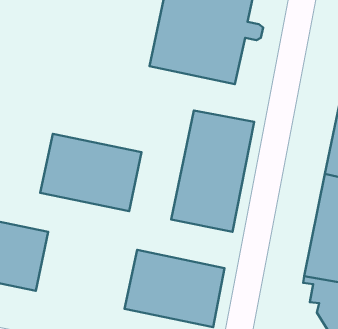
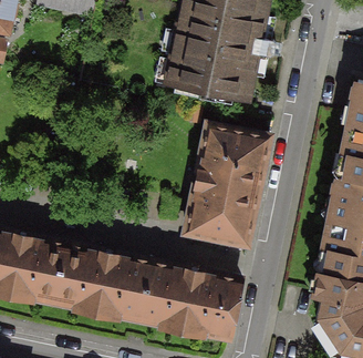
building: [40,134,142,211] -> [54,245,153,320]

